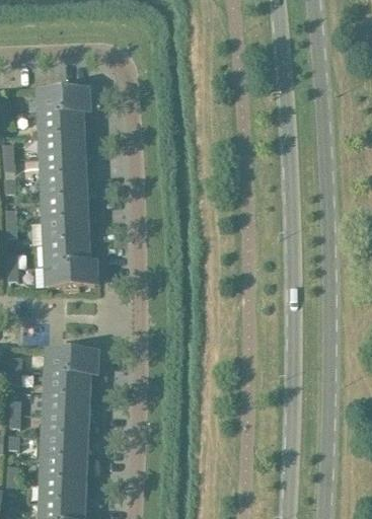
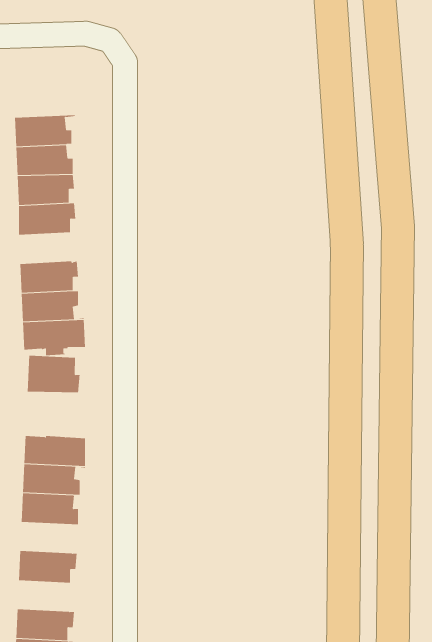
building: [40,88,86,110] -> none
building: [44,197,88,220] -> none
building: none -> [27,355,80,393]
building: [45,414,89,437] -> none
building: [43,457,87,480] -> none

